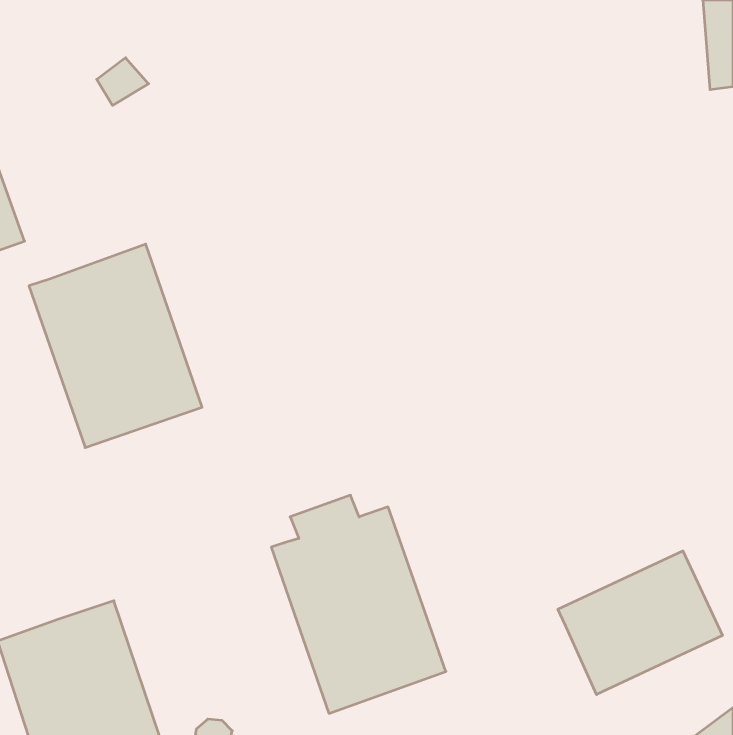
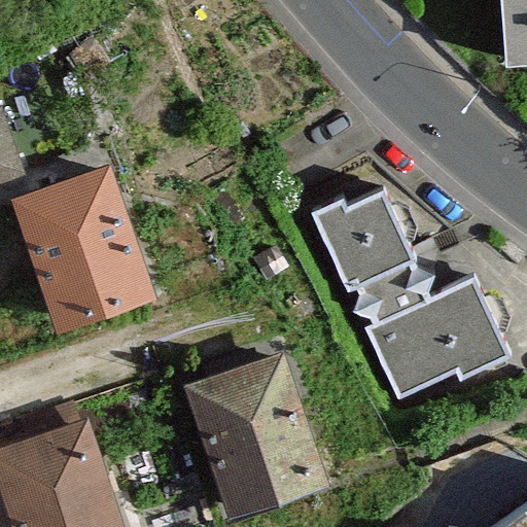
building: none -> [311,189,510,398]
building: [558,551,722,695] -> none

